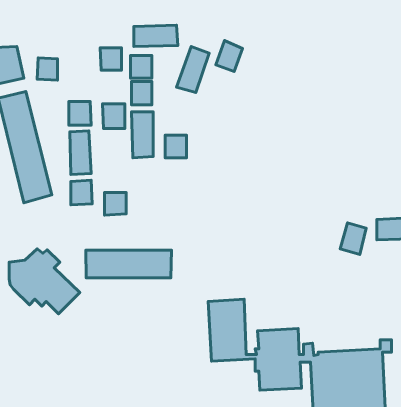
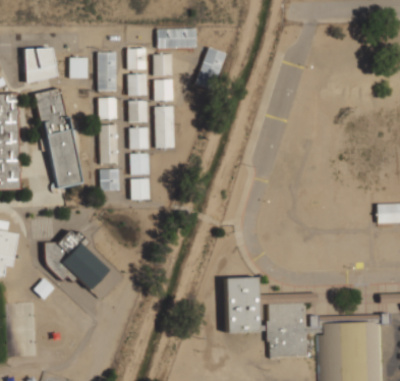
building: [216,41,242,71] -> none
building: none -> [97,52,116,91]
building: none -> [127,73,148,95]
building: [165,135,186,158] -> [129,127,149,148]
building: none -> [129,153,149,174]
building: [340,223,366,254] -> none
building: [86,250,171,278] -> none

